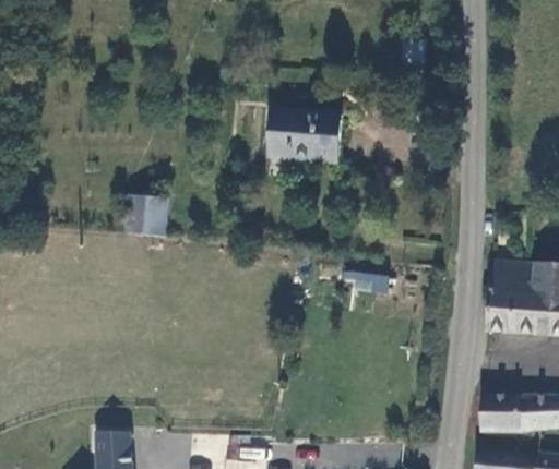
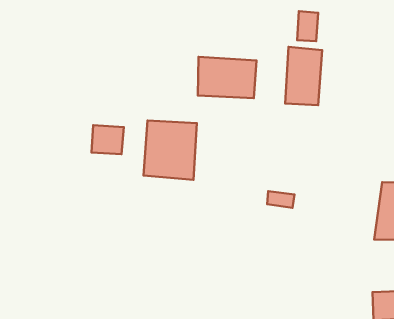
building: none -> [285,47,322,105]
building: none -> [143,120,197,180]

